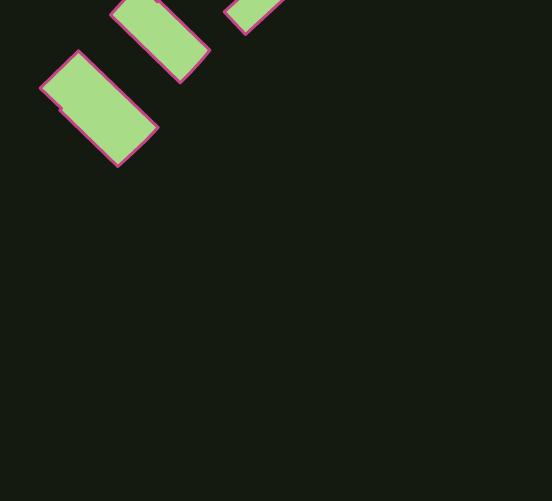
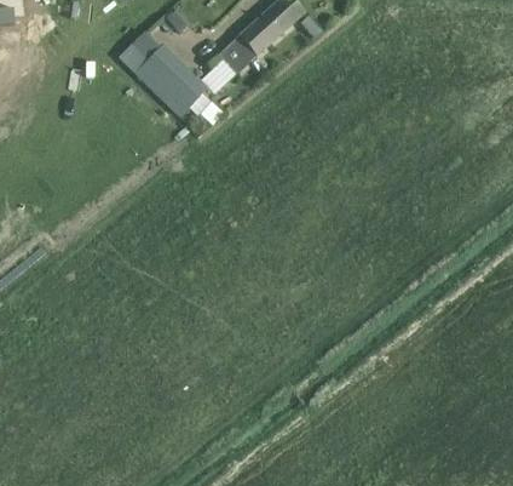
building: [40,51,158,167] -> none

